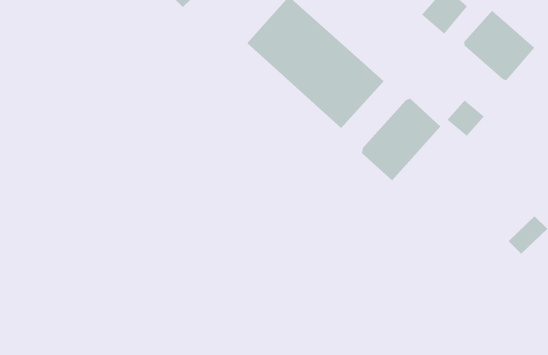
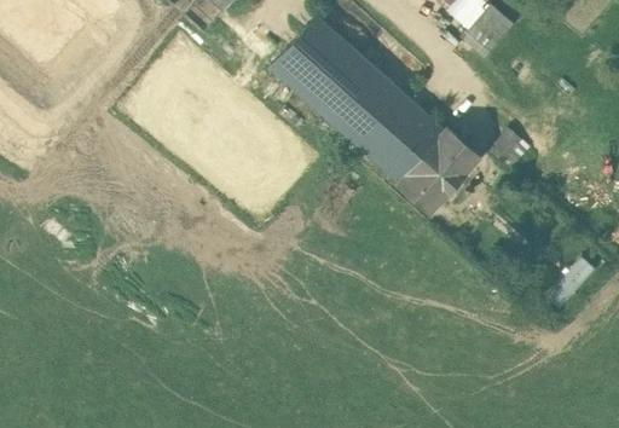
building: [464,10,535,81] -> none
building: none -> [372,108,442,180]

